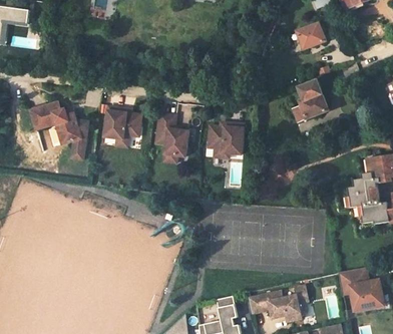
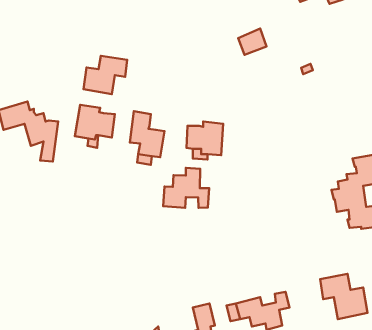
building: [299,24,326,49] -> [238,29,267,55]
building: none -> [84,56,127,94]
building: [294,81,329,122] -> none
building: none -> [163,168,209,208]

